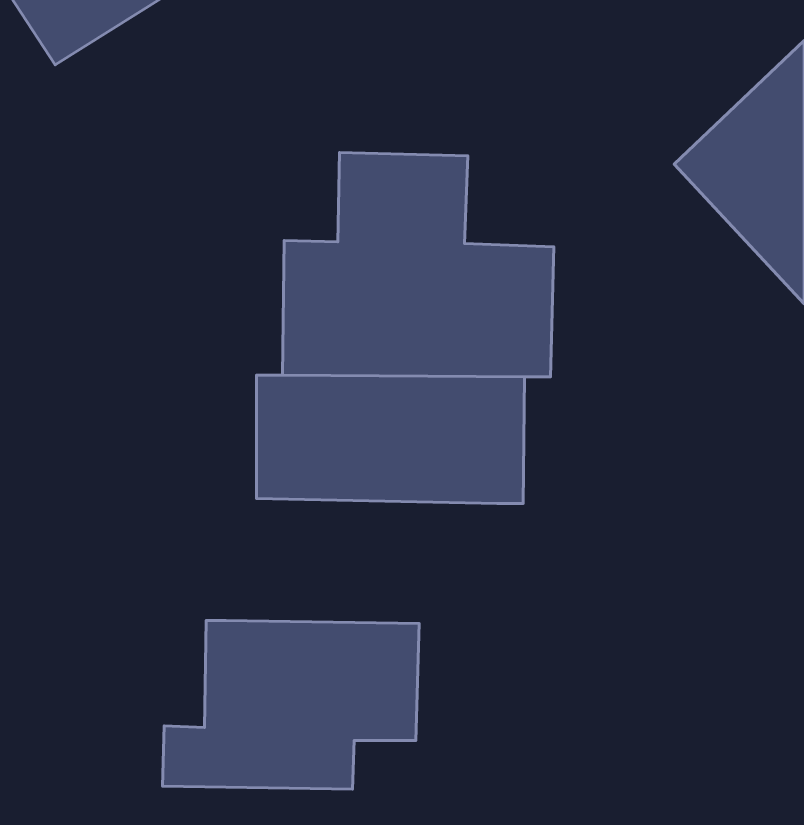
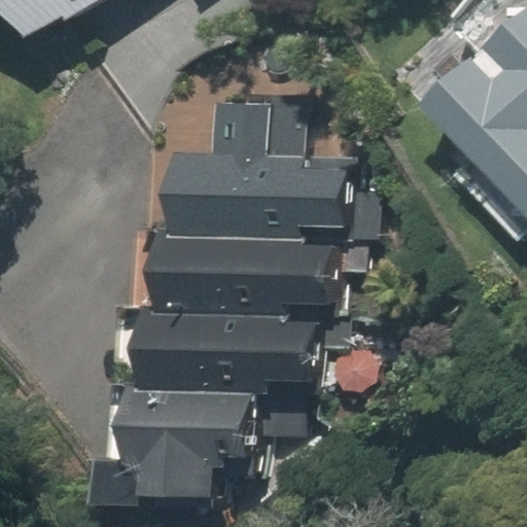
building: none -> [143,316,315,395]

